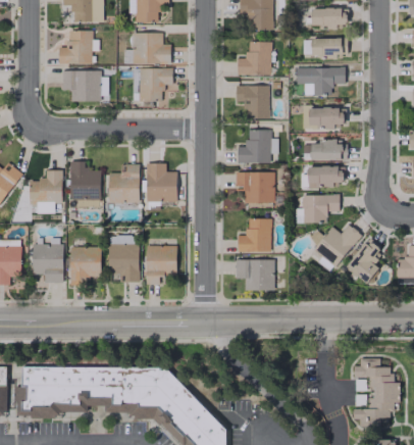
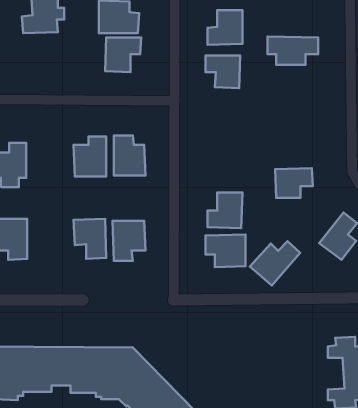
building: [312,38,343,57] -> none
building: [62,70,108,101] -> none
building: [303,107,345,130] -> none
building: [237,130,277,164] -> none
building: [311,142,347,161] -> none
building: [70,161,101,207] -> none
building: [308,165,342,189] -> none
building: [236,172,274,203] -> none
building: [313,225,362,267] -> [250,241,300,286]
building: [70,247,101,286] -> none

